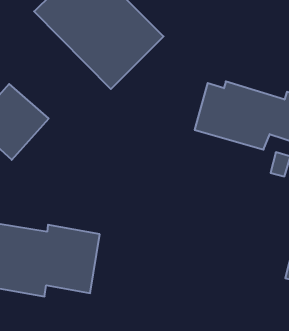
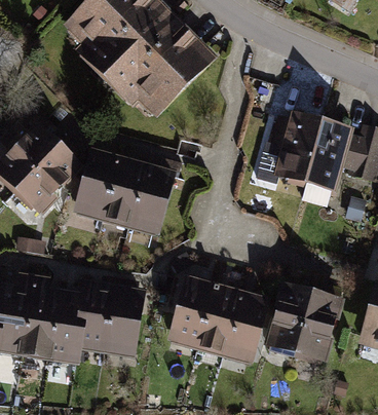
building: none -> [74,147,176,234]
building: none -> [167,273,269,362]
building: none -> [265,280,342,361]

